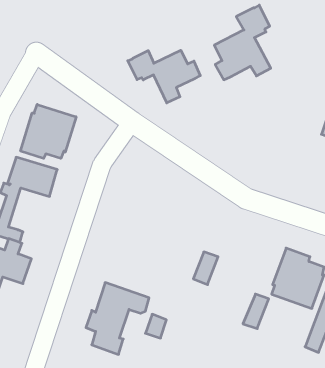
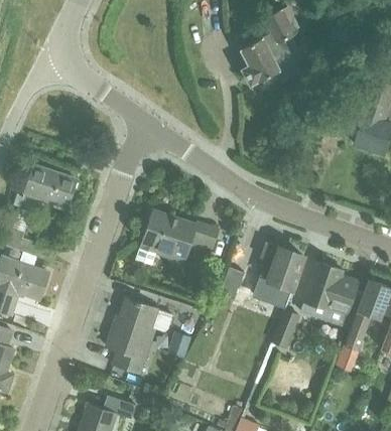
building: [128,50,200,103] -> none
building: [21,104,76,158] -> none
building: none -> [136,210,220,266]
building: none -> [254,242,303,305]

